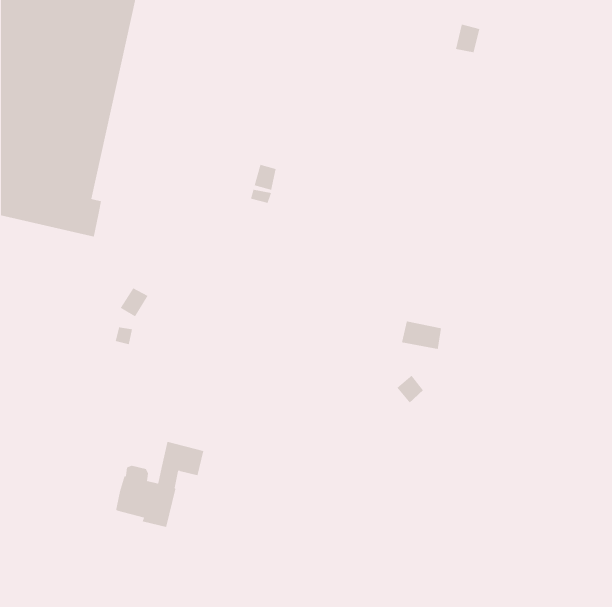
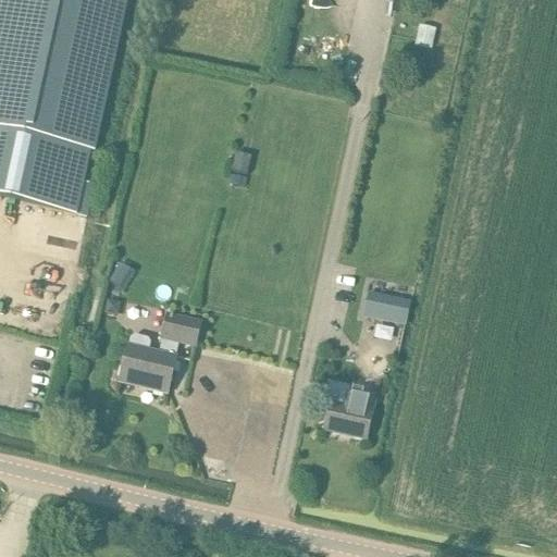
building: none -> [323,380,375,438]
building: [114,441,204,527] -> [120,312,201,391]

